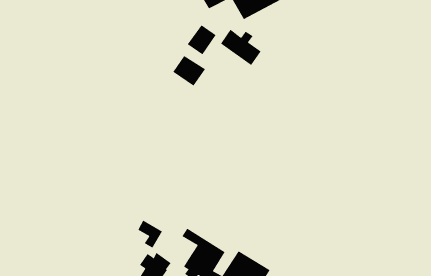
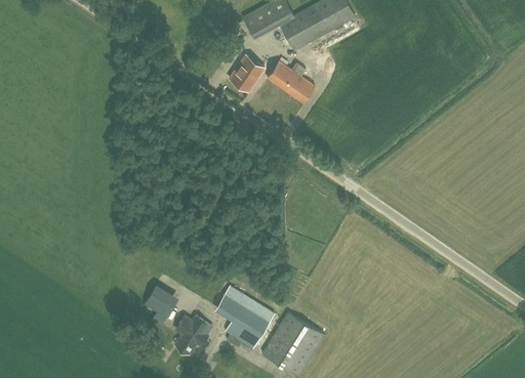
building: [173,55,206,86] -> none
building: [138,220,163,249] -> [144,293,172,326]

